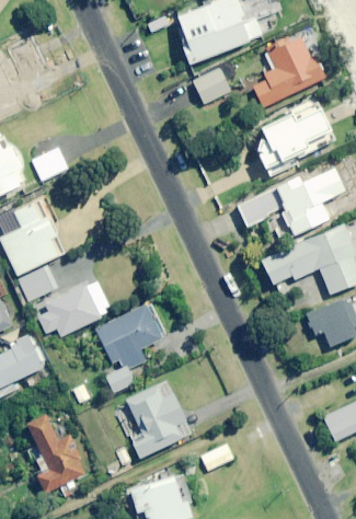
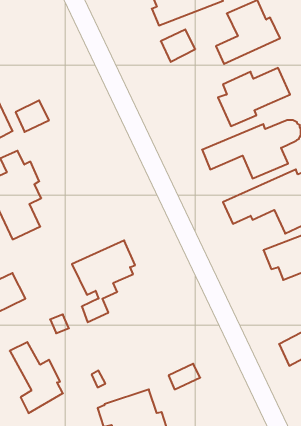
building: [36,281,111,336] -> none
building: [127,379,191,453] -> none

